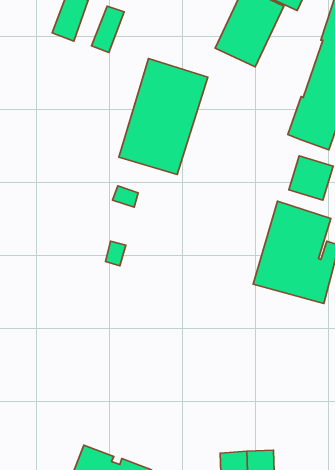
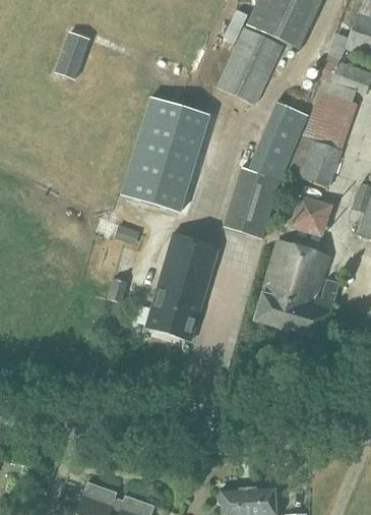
building: [92,6,124,52] -> none
building: none -> [223,101,308,238]
building: none -> [145,231,220,340]

